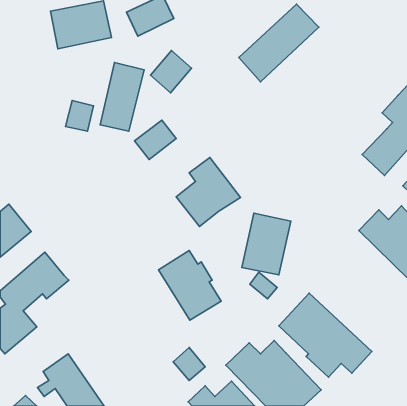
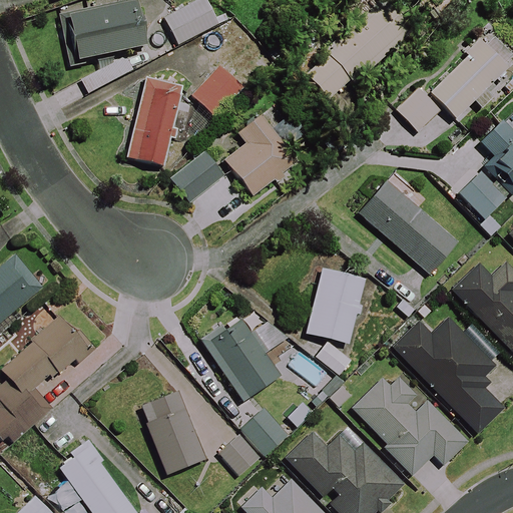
building: none -> [396,37,507,134]
building: [66,100,94,131] -> none
building: none -> [360,177,460,276]
building: [176,158,240,226] -> [221,111,302,197]
building: none -> [392,320,502,433]
building: none -> [143,390,208,471]
building: none -> [239,406,290,456]

